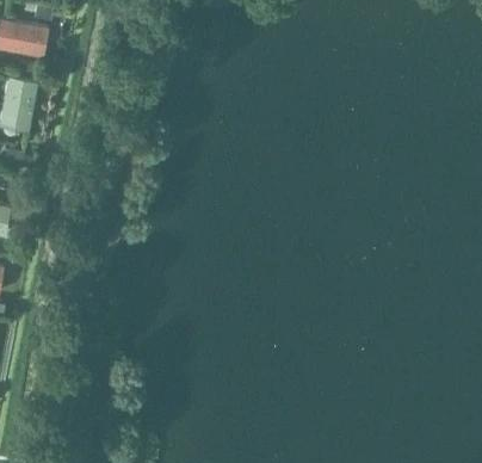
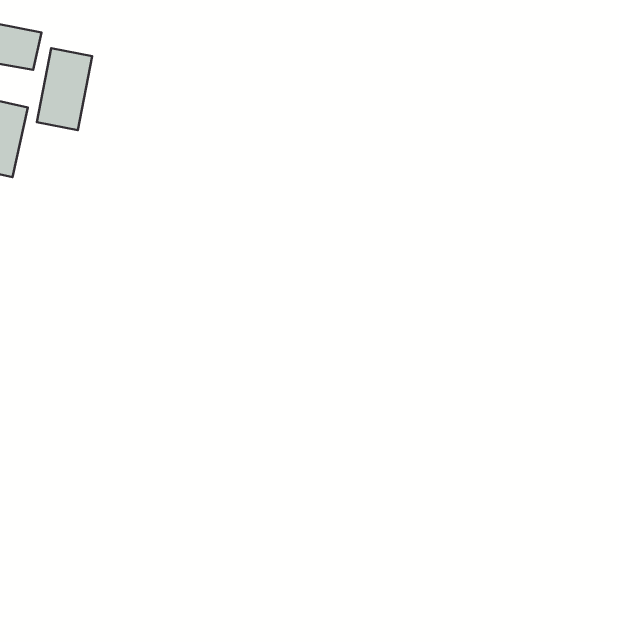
building: none -> [37,48,92,130]

